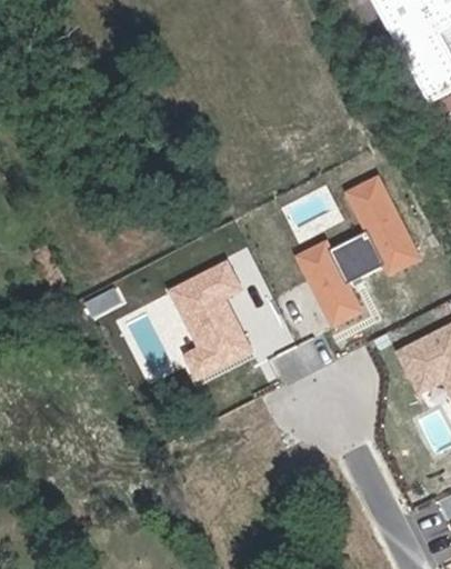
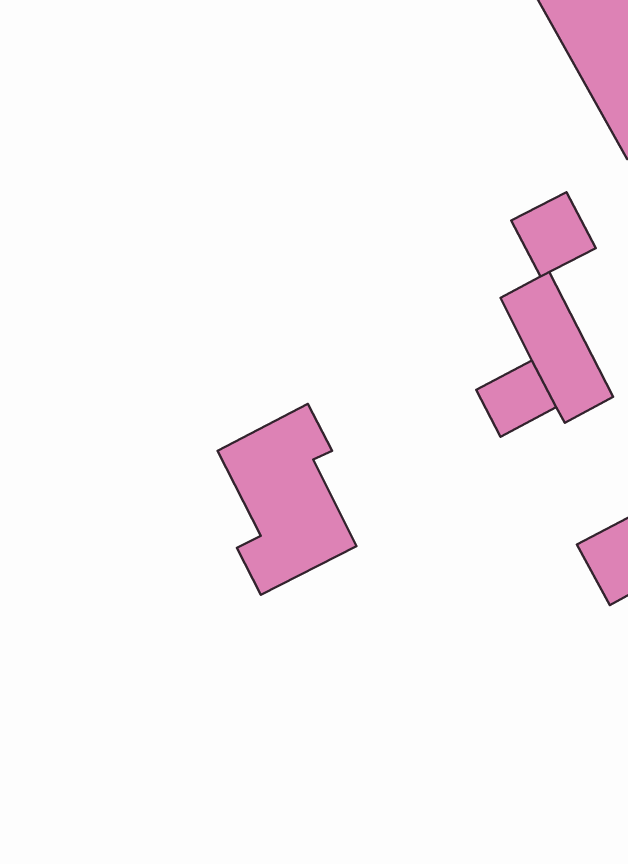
building: none -> [511,192,596,276]
building: [297,241,361,325] -> none

